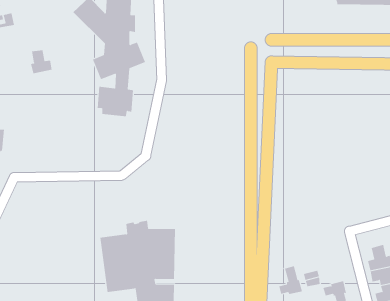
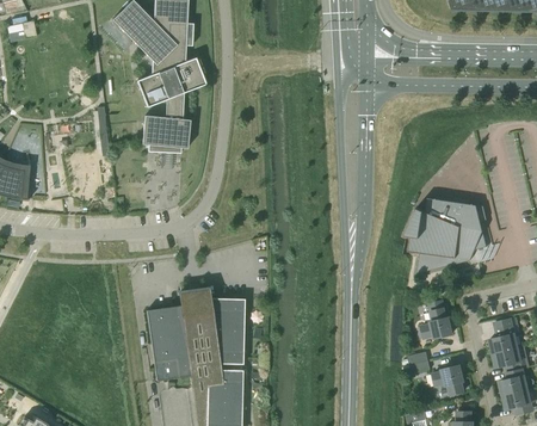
building: [30,50,52,74] -> none
building: none -> [405,197,487,272]
building: [279,266,303,294] -> [421,300,452,337]

